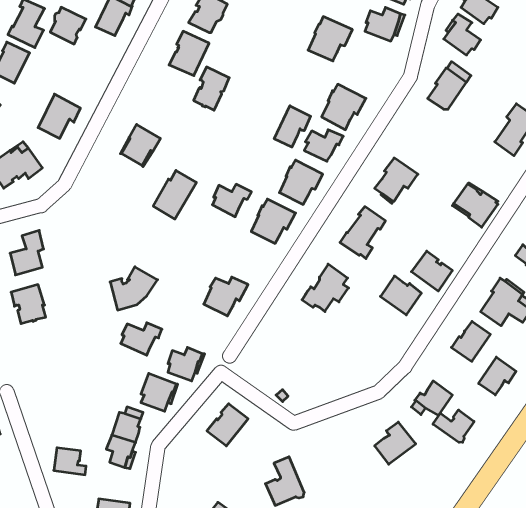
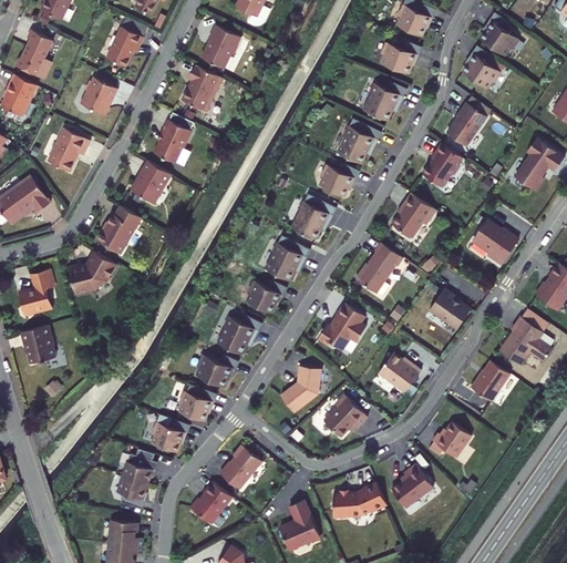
building: [50,7,86,44] -> [82,78,118,115]
building: [308,17,352,61] -> [362,76,408,122]
building: [194,67,229,110] -> [155,119,192,163]
building: [274,106,311,147] -> none
building: none -> [422,144,462,188]
building: [153,170,196,219] -> [96,204,141,254]
building: [212,184,251,217] -> [247,280,287,314]
building: [110,267,158,310] -> [68,250,116,295]
building: [380,276,421,315] -> [379,352,421,392]
building: [121,323,162,355] -> [196,355,238,388]
building: none -> [280,368,320,414]
building: none -> [323,396,368,438]
building: [479,357,516,395] -> none
building: [433,410,474,442] -> none
building: none -> [331,481,385,516]
building: none -> [190,482,231,524]
building: [54,448,86,475] -> [109,520,142,547]

